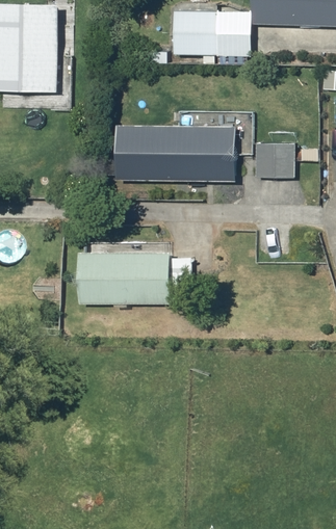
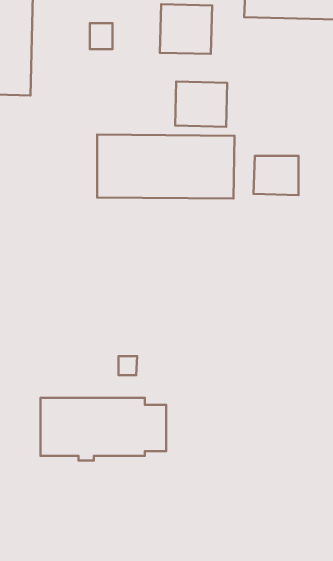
building: none -> [175,82,227,127]
building: [79,252,189,307] -> [40,398,166,461]

